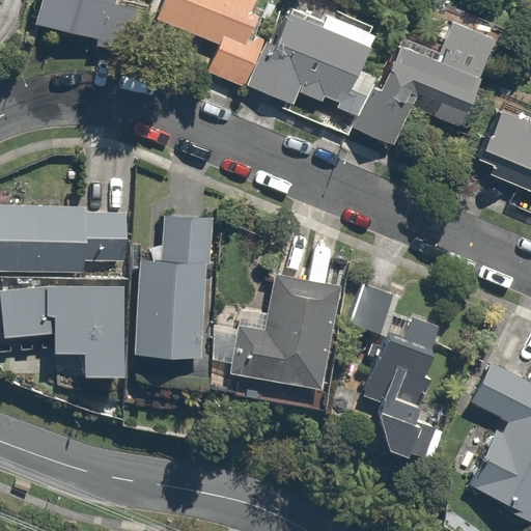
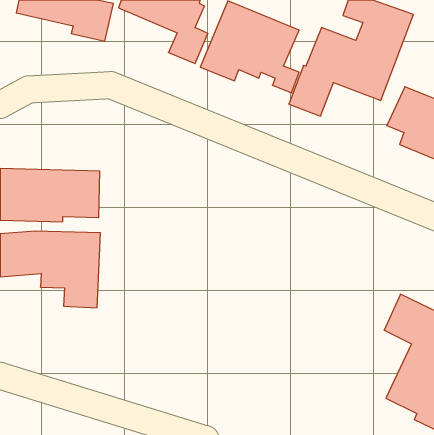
building: [135,217,216,359] -> none
building: [231,274,338,387] -> none
building: [346,287,446,452] -> none

